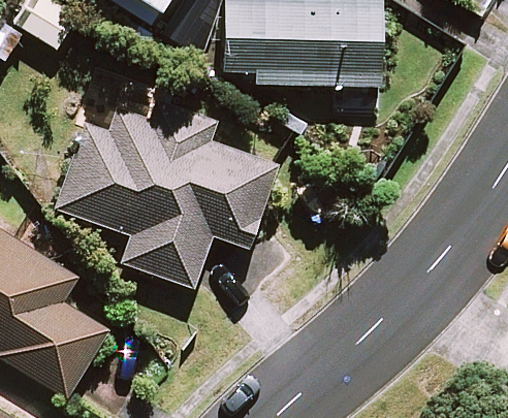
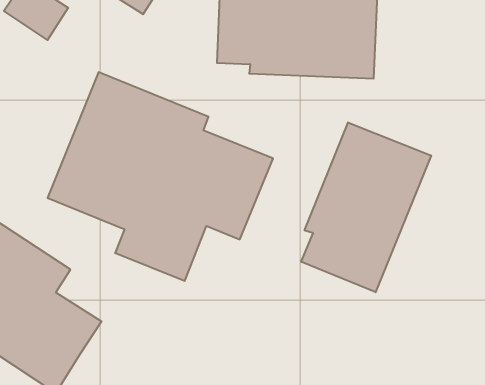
building: none -> [301,122,431,292]

